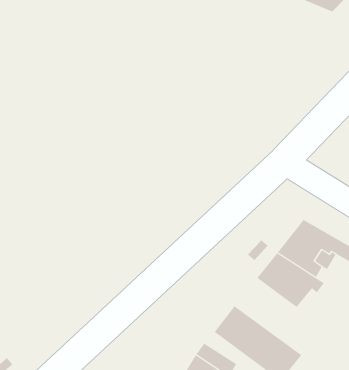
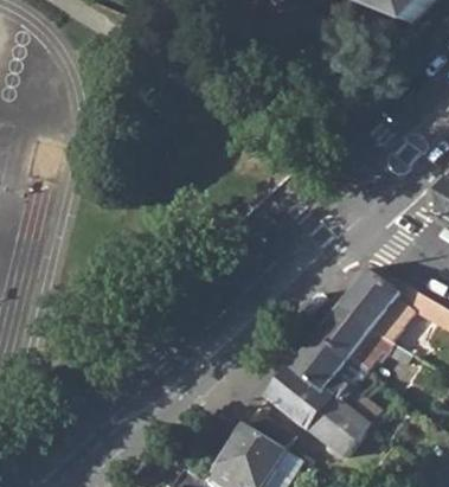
building: none -> [289,335,384,425]

